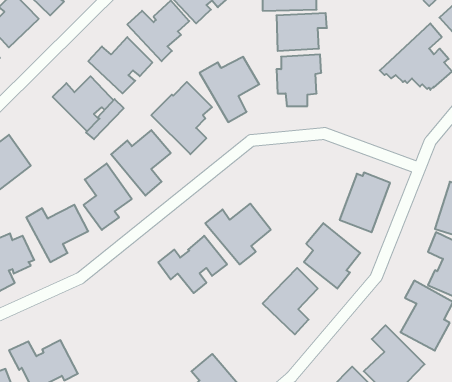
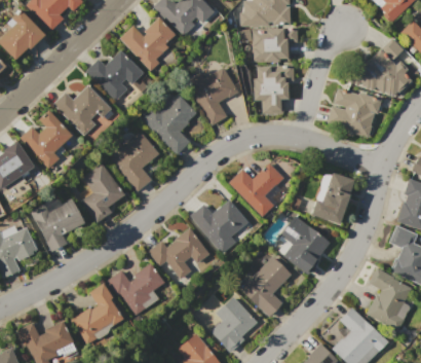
building: none -> [329,88,381,138]
building: none -> [21,110,73,168]
building: none -> [230,161,284,216]
building: none -> [108,263,164,317]
building: none -> [71,283,124,344]
building: none -> [212,296,259,353]

